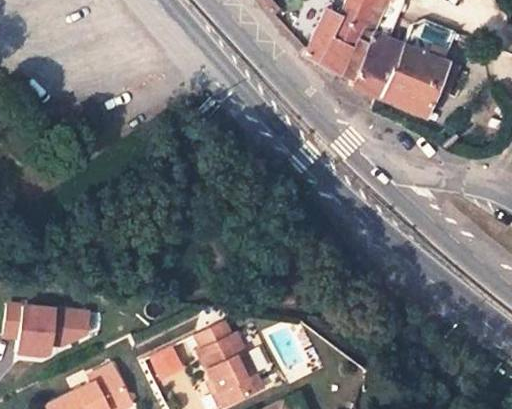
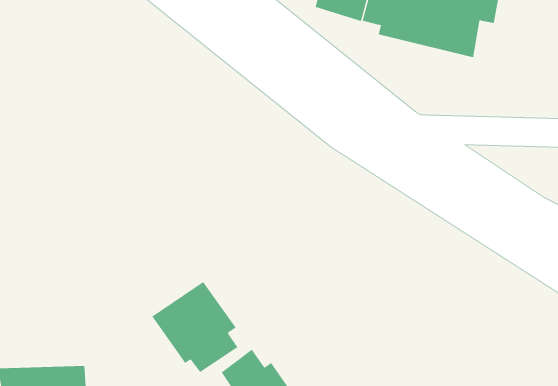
building: none -> [152,281,238,373]

